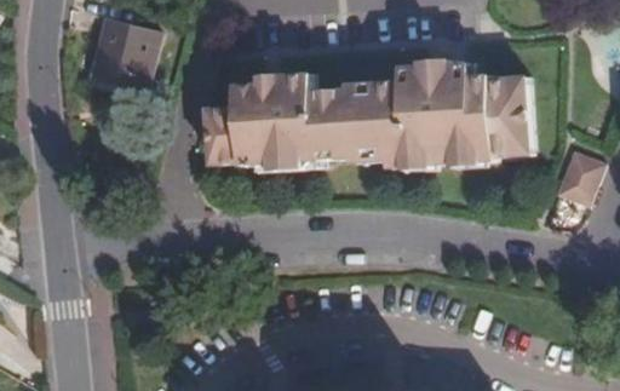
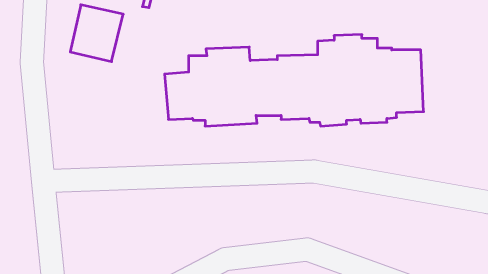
building: [556,151,604,206] -> none

